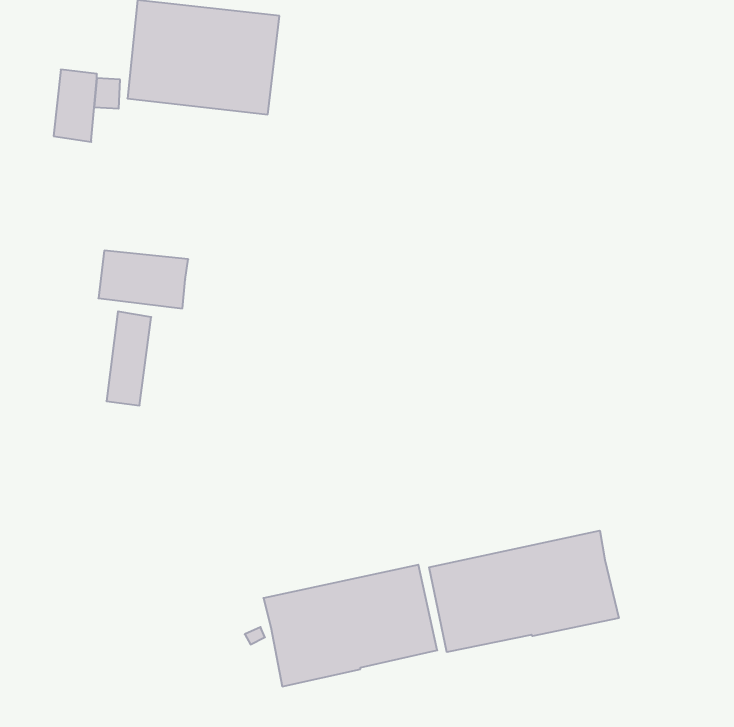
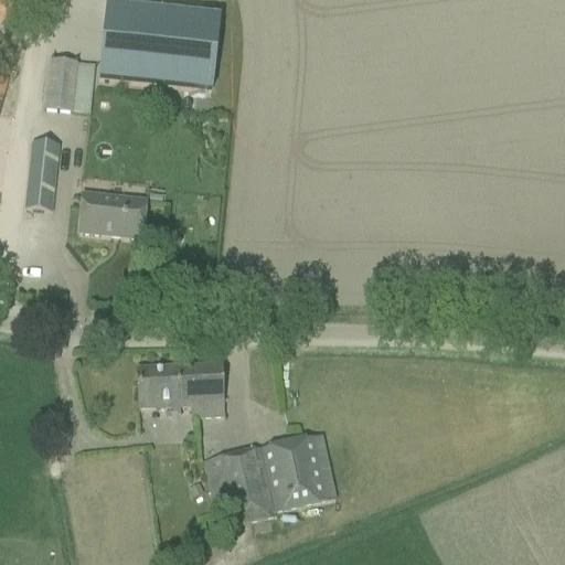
building: [106,311,151,405] -> [26,136,61,207]
building: none -> [139,361,226,414]
building: [429,531,619,652] -> none

